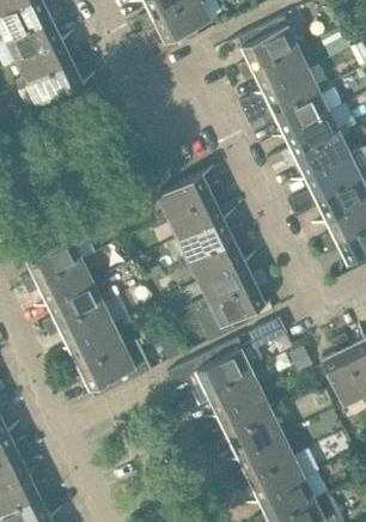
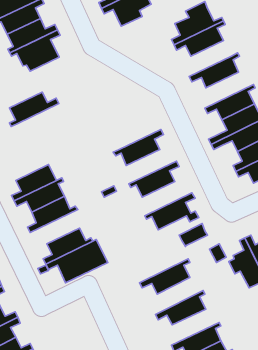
building: [246,69,319,125] -> none
building: [280,113,349,162] -> none
building: [157,175,224,221] -> [9,92,59,126]
building: [177,218,245,265] -> none
building: [199,261,266,308] -> none
building: [47,299,114,346] -> none
building: [191,339,261,399] -> none
building: [213,392,281,442] -> none
building: [234,435,303,484] -> none

